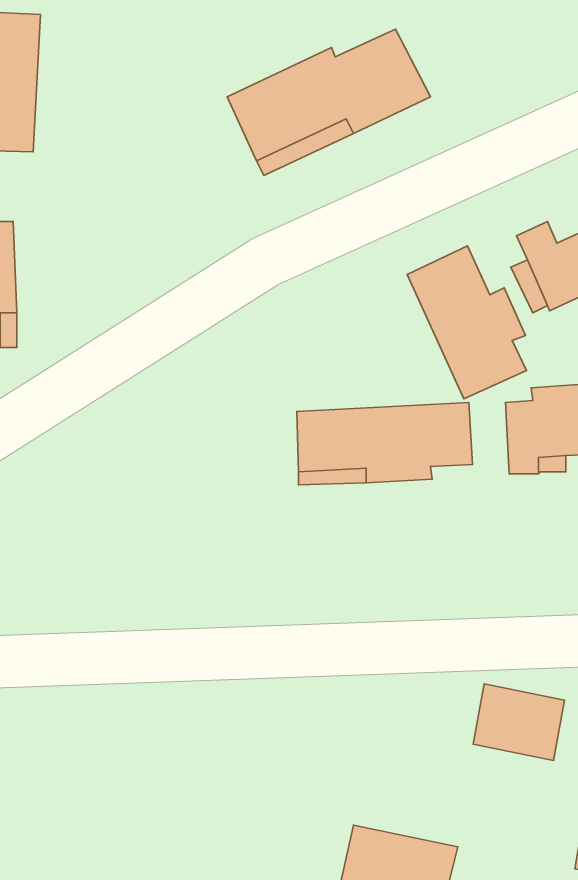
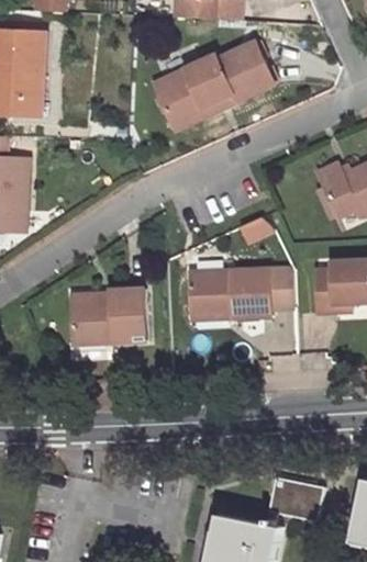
building: [407,246,527,399] -> none
building: none -> [73,290,147,344]
building: [473,684,565,761] -> [276,482,331,528]

